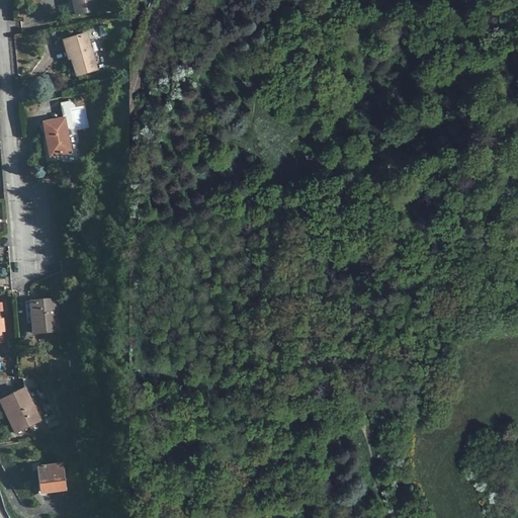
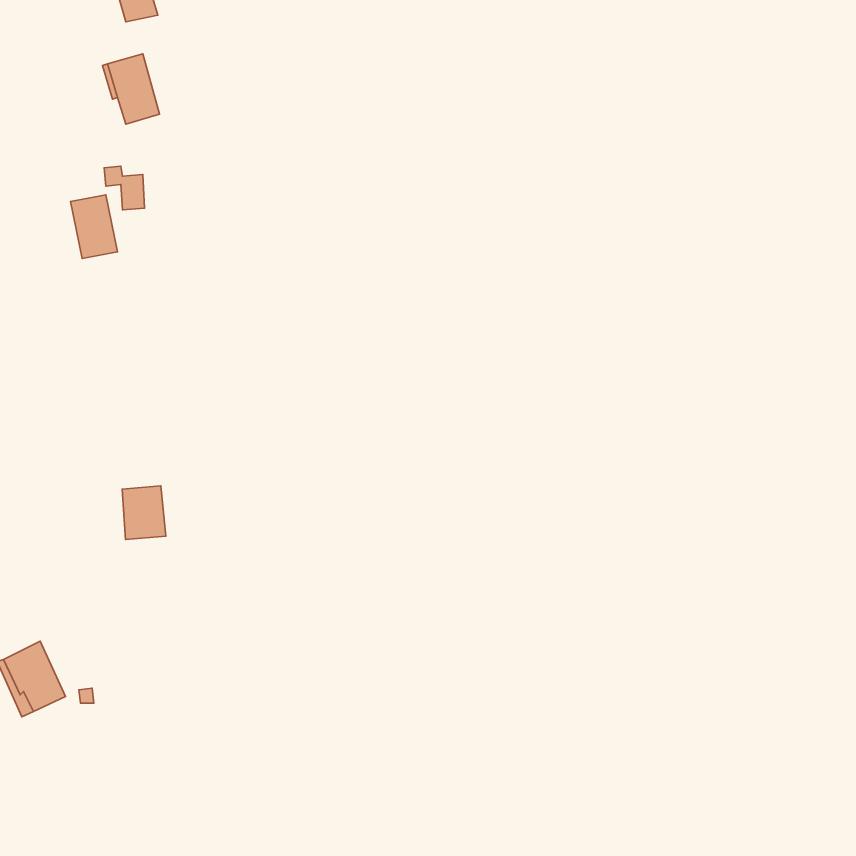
building: [30,298,57,331] -> [122,486,166,540]
building: [39,463,65,491] -> none

